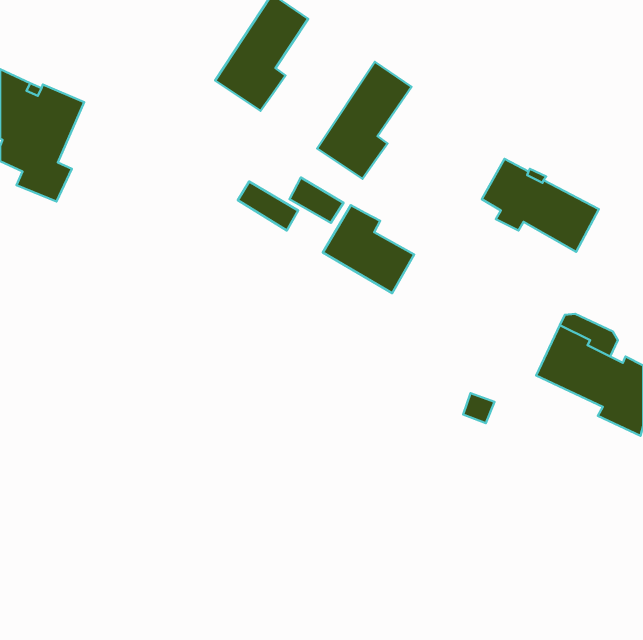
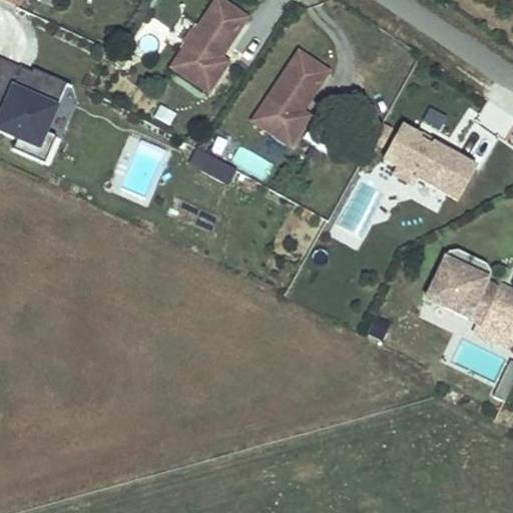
building: [323,205,414,293] -> none

